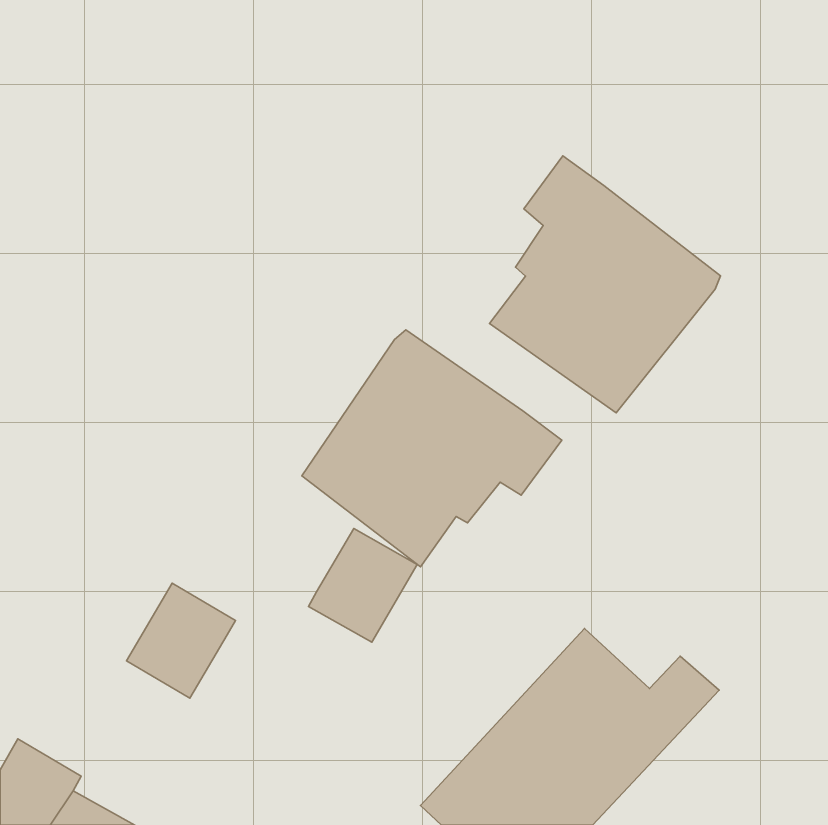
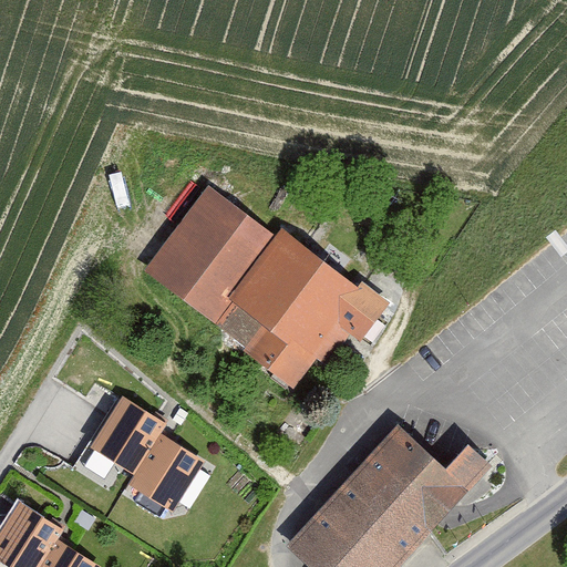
building: [490,156,721,413] -> none
building: none -> [136,179,270,324]
building: [309,529,417,642] -> [125,433,199,511]

